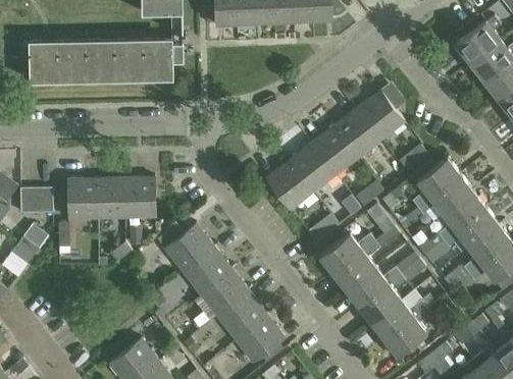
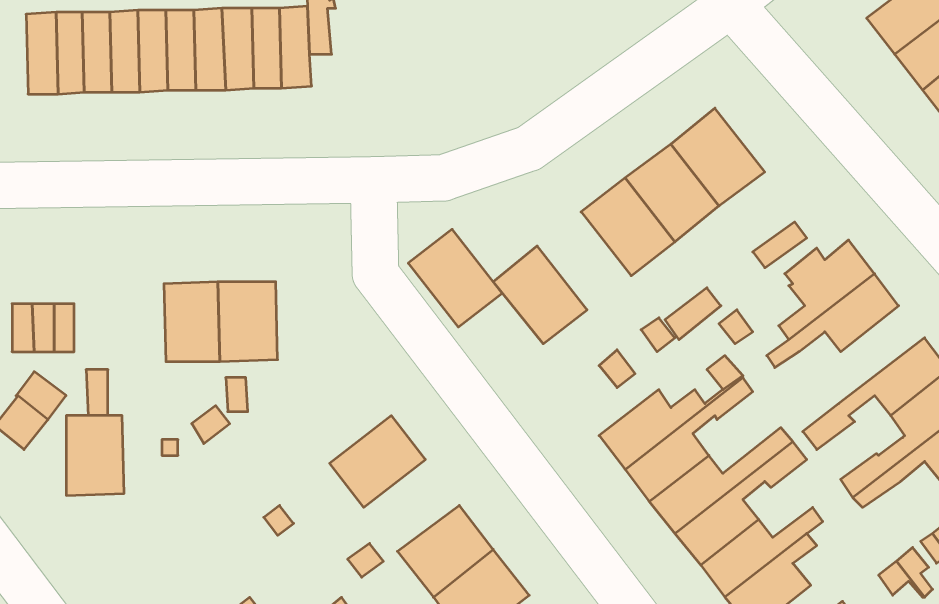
building: [289,143,337,193] -> [408,229,502,327]
building: [69,179,99,220] -> [66,416,124,495]
building: [438,191,486,240] -> none
building: [165,223,214,271] -> none
building: [200,269,249,316] -> none

